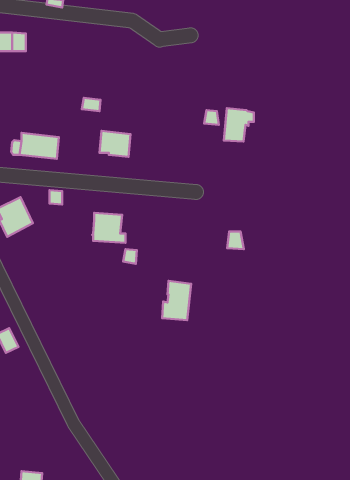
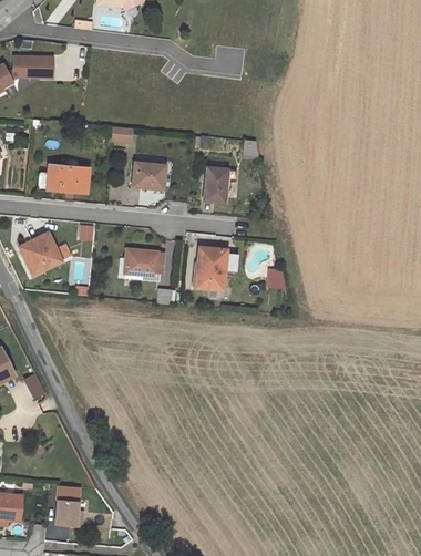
building: [224,108,254,141] -> [204,166,236,202]
building: [162,281,191,320] -> [196,247,227,289]
building: none -> [57,501,83,527]

